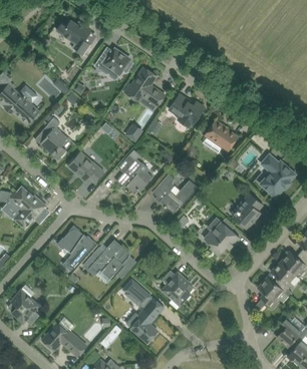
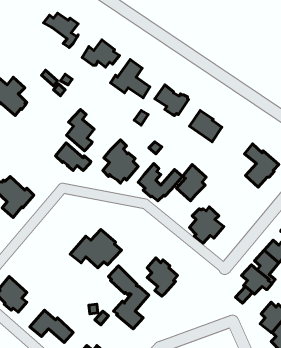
building: [40,117,68,159] -> [67,110,94,151]
building: [233,193,263,230] -> [177,165,206,201]
building: [57,229,95,271] -> none

